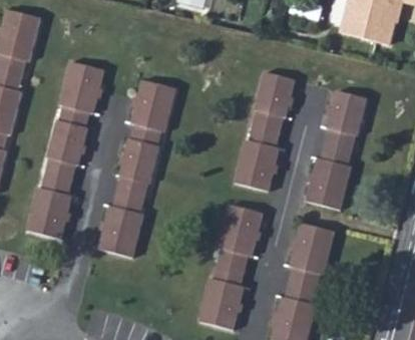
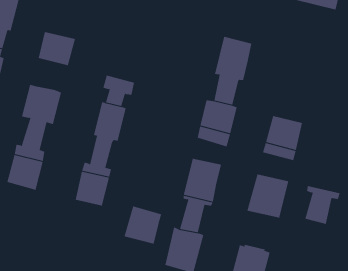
building: [136,83,174,119] -> none
building: [317,88,368,163] -> none
building: [58,93,95,127] -> none
building: none -> [124,205,162,245]
building: [286,259,325,301] -> [304,186,340,224]

